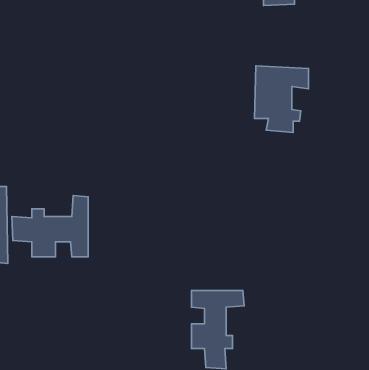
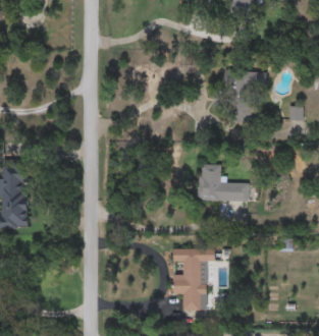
building: none -> [197,164,249,200]
building: [12,195,88,257] -> none

